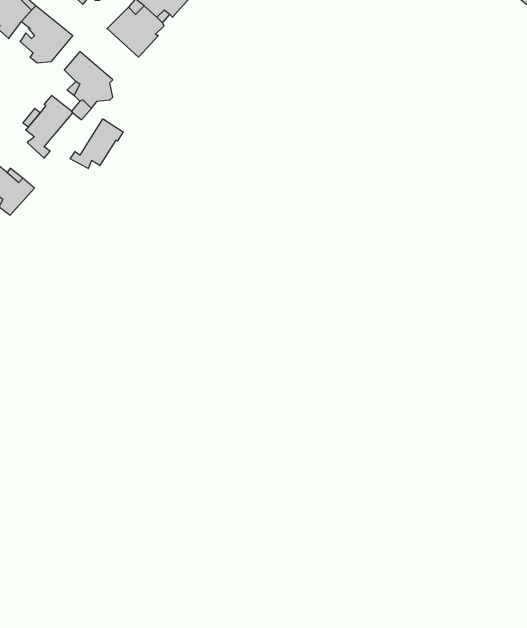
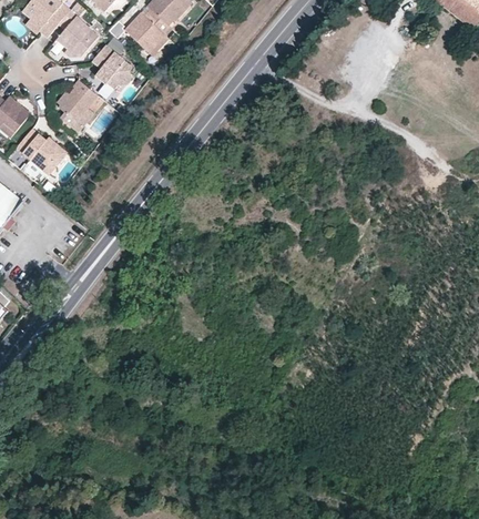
building: [70,119,123,169] -> none

